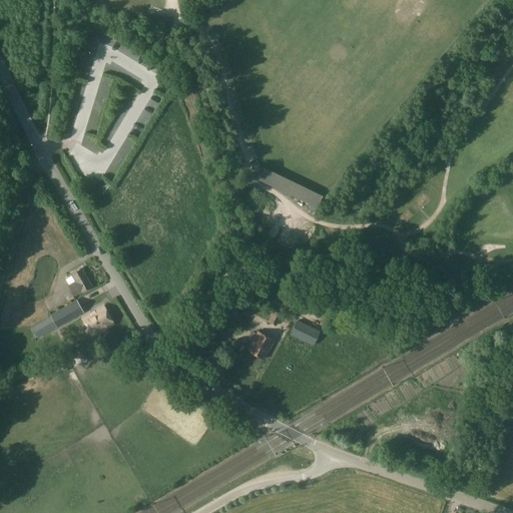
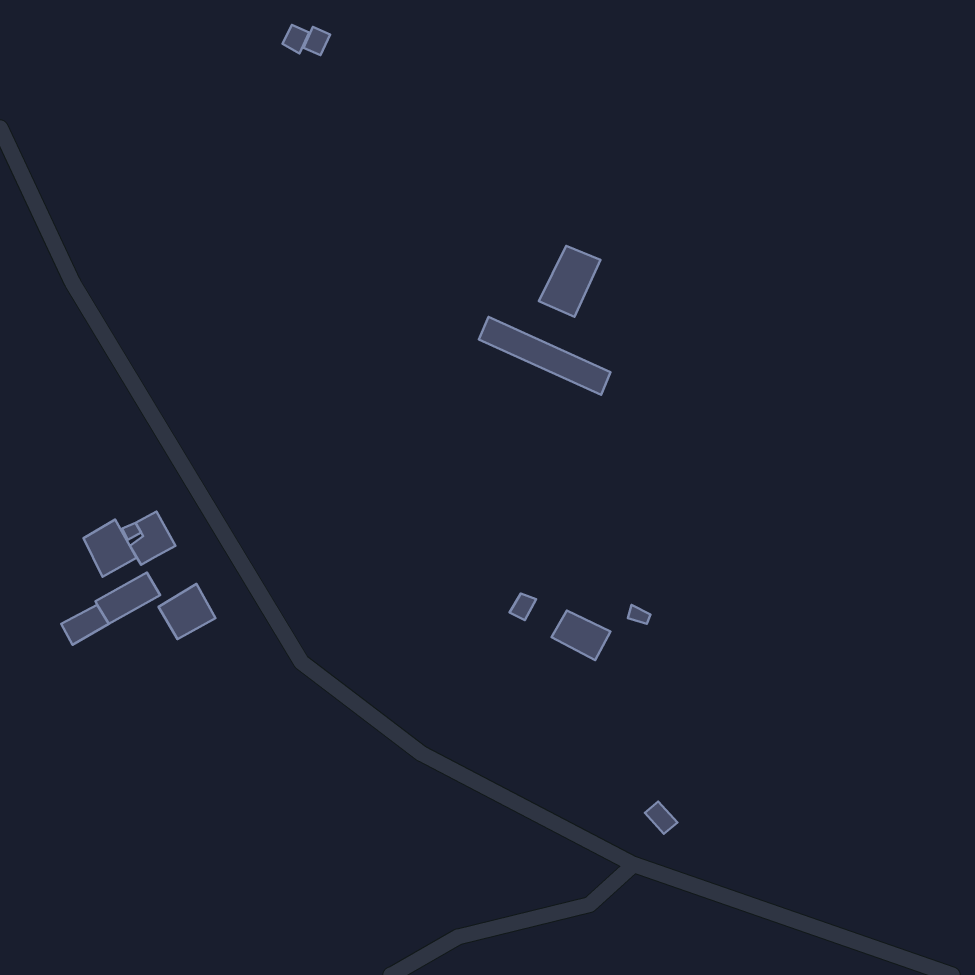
building: none -> [539,246,601,317]
building: none -> [83,520,136,577]
building: [247,332,274,360] -> none

